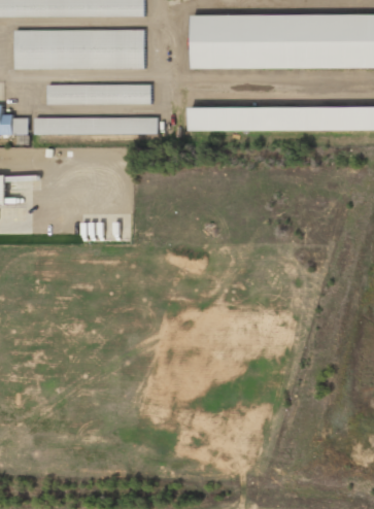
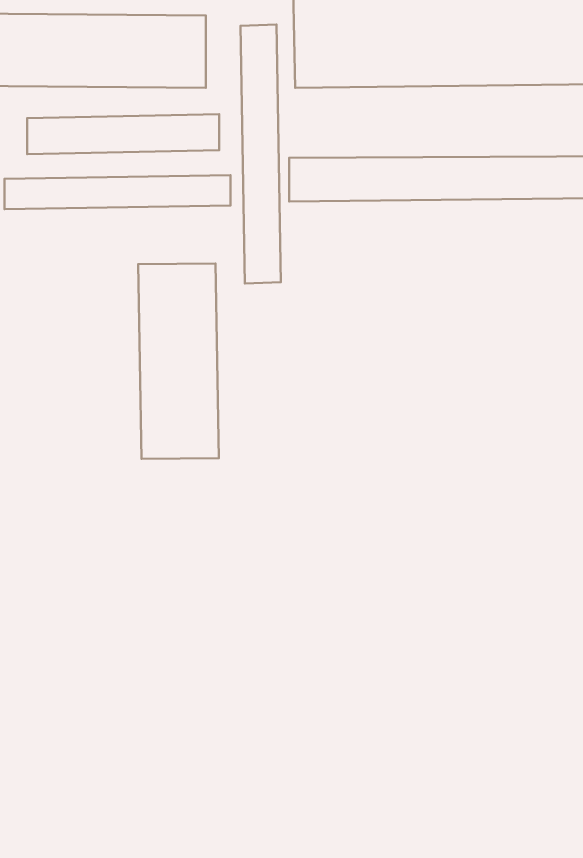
building: none -> [240,25,281,284]
building: none -> [138,263,219,459]

